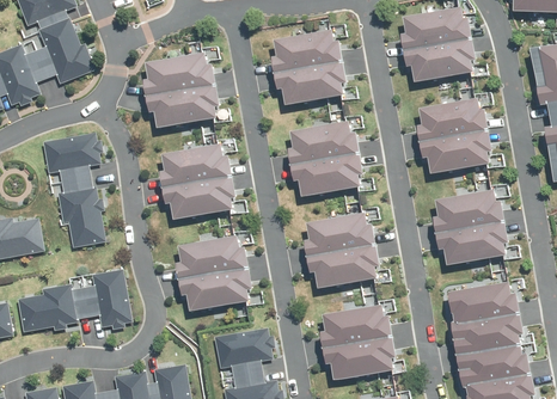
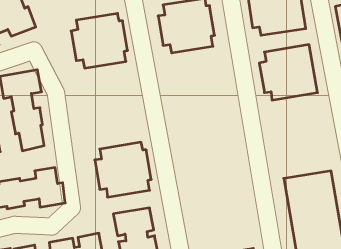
building: [288,122,368,199] -> none
building: [159,145,239,222] -> none
building: [428,191,509,270] -> none
building: [307,213,386,290] -> none
building: [319,301,399,379] -> none

